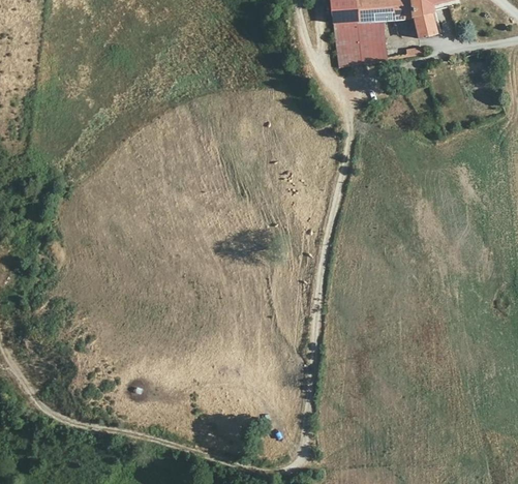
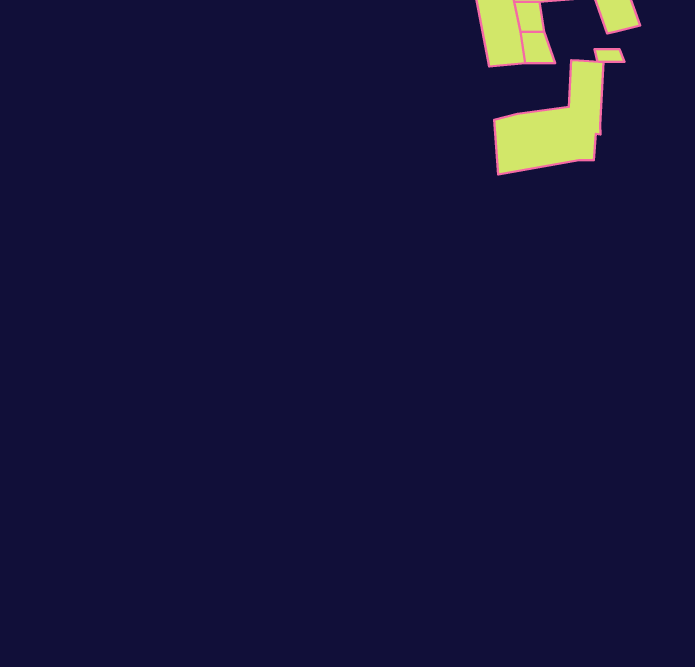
building: none -> [494,60,604,175]

